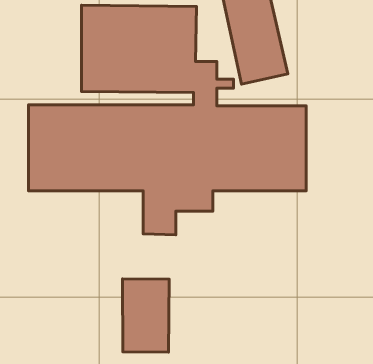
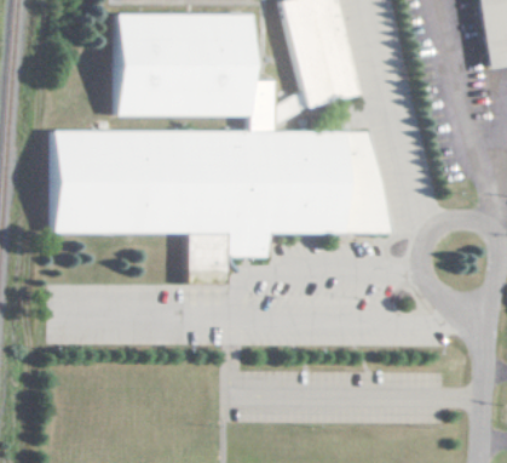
building: [123,279,169,352] -> none

